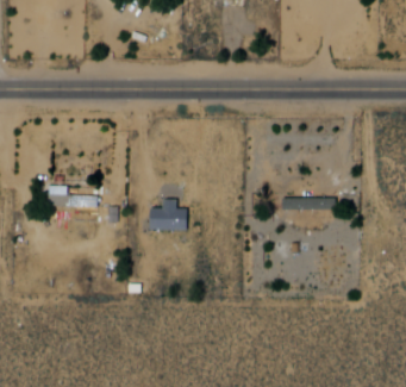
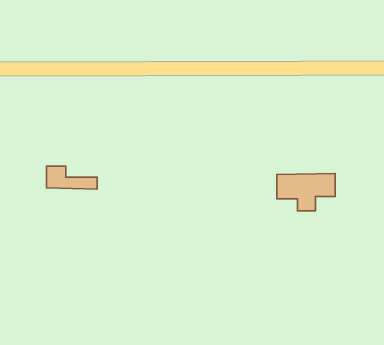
building: [150,208,187,230] -> none

